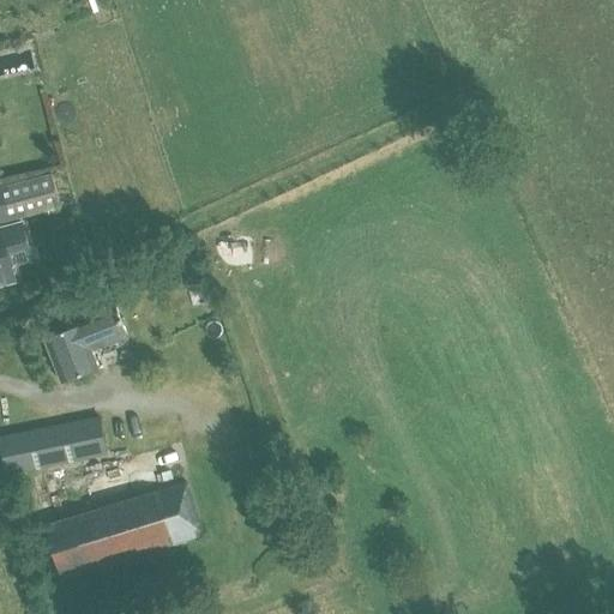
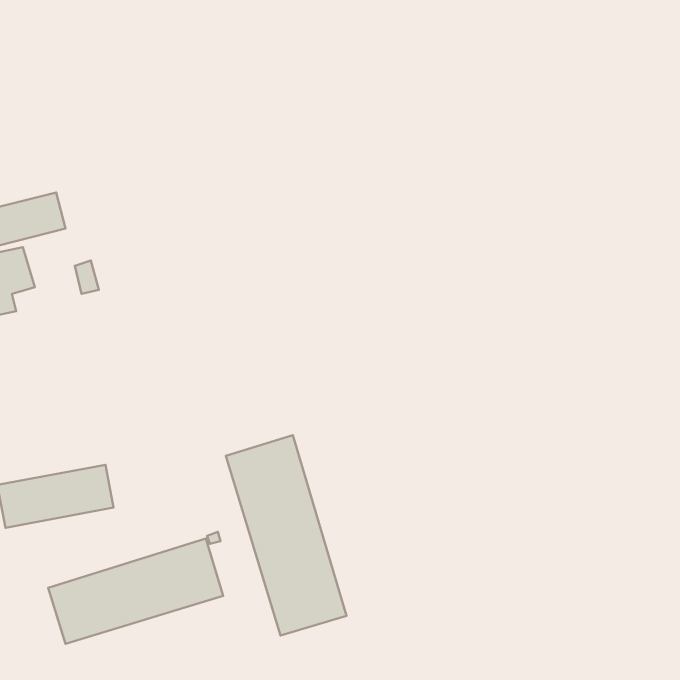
building: [43,307,128,381] -> none
building: none -> [226,435,346,636]

